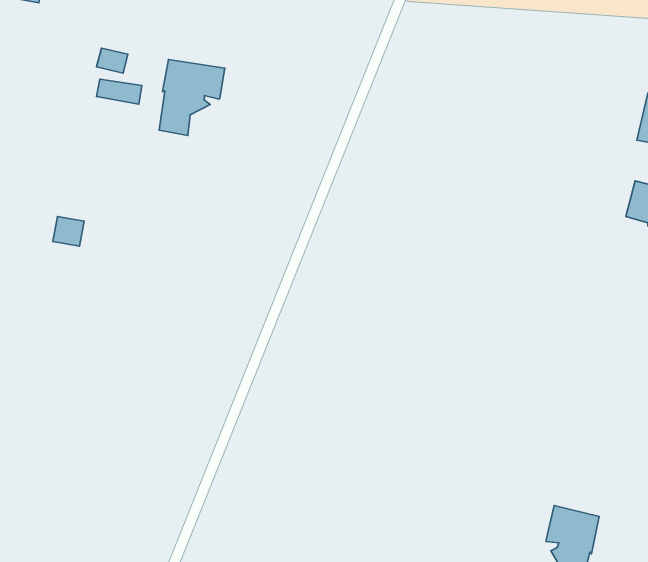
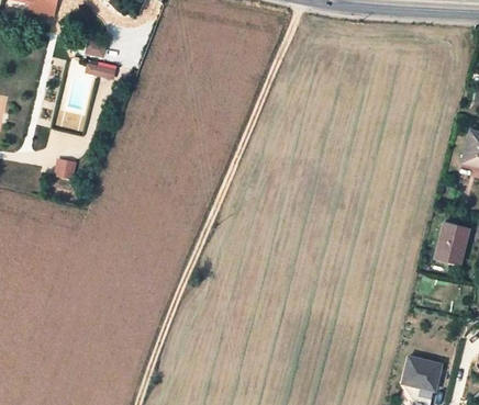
building: [159,59,225,135] -> none
building: none -> [434,225,466,267]

